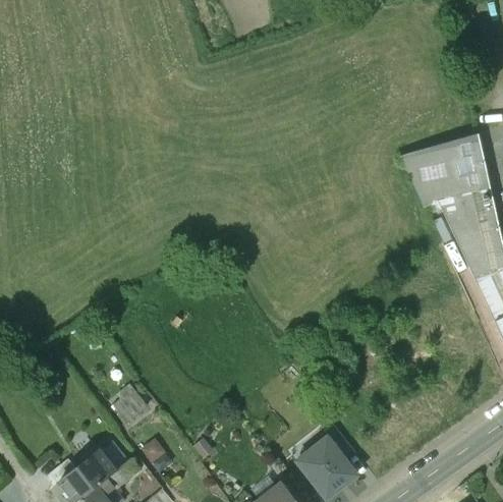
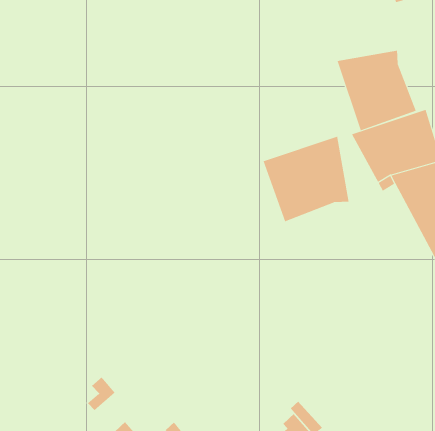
building: none -> [337,50,417,131]
building: none -> [263,136,349,222]

